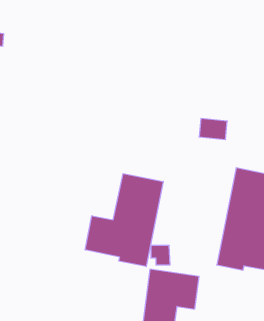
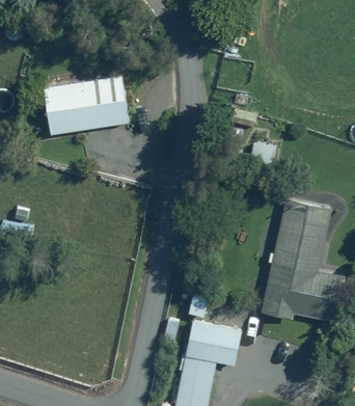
building: none -> [43,74,130,136]
building: [85,174,163,267] -> none

